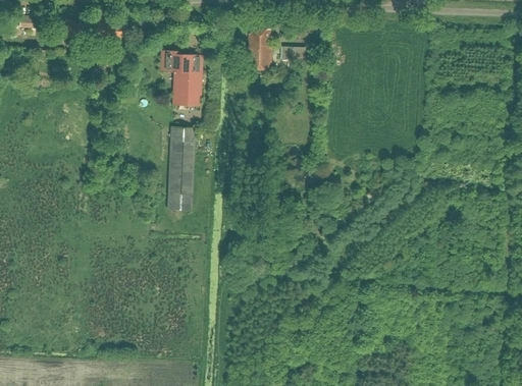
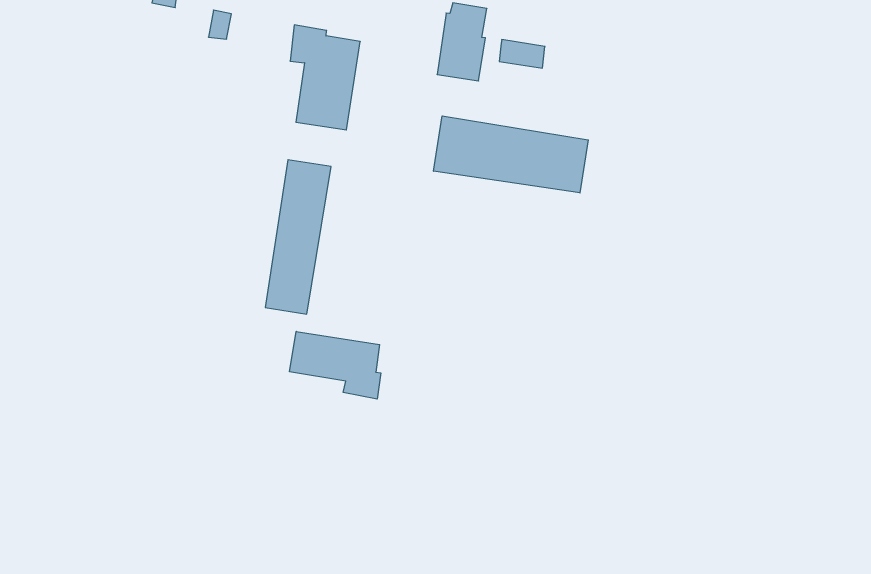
building: none -> [434,116,588,193]
building: none -> [290,331,381,399]

